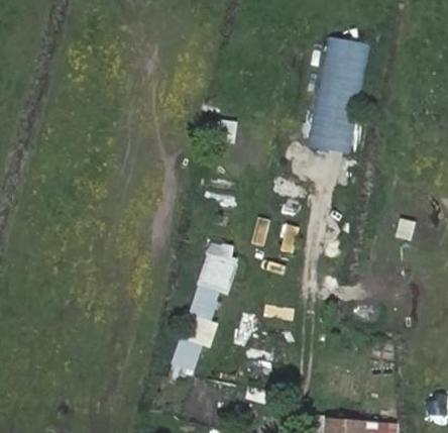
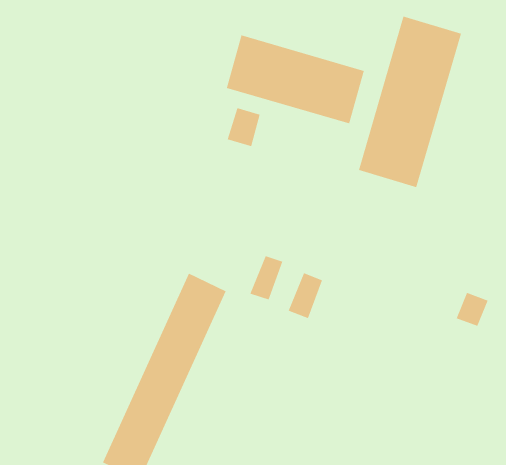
building: none -> [226,35,364,124]

